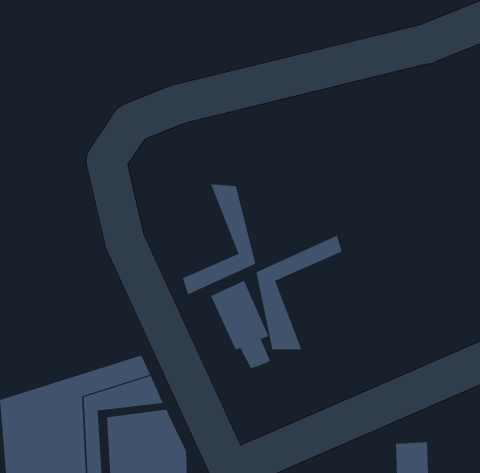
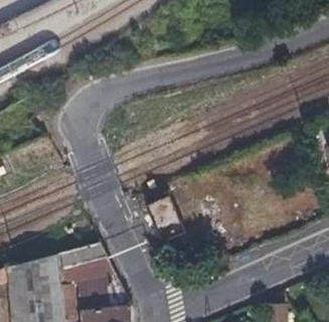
building: [182,184,256,295] -> none
building: [256,235,343,350] -> none

